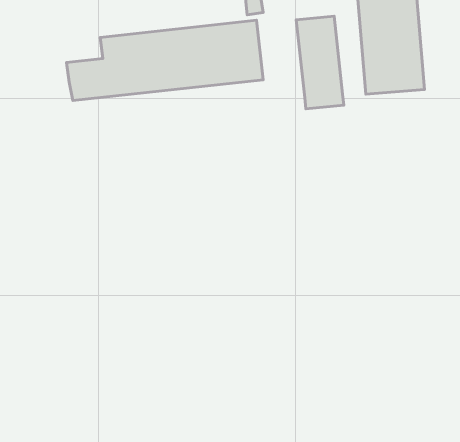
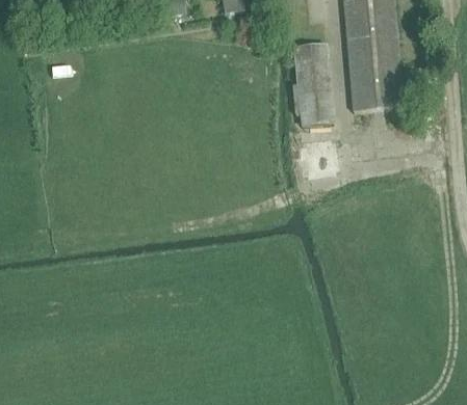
building: [66,20,263,101] -> none

